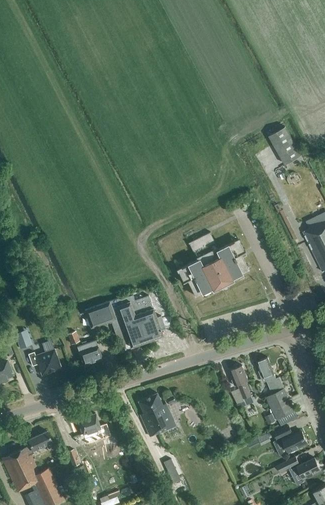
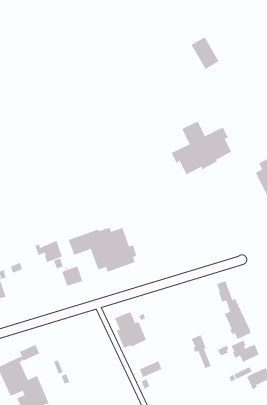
building: [268,126,302,165] -> [190,36,220,70]
building: [177,232,248,296] -> [171,120,232,175]
building: [28,348,61,374] -> [35,240,63,263]
building: [230,365,254,405] -> [191,334,212,369]
building: [78,413,100,441] -> none

